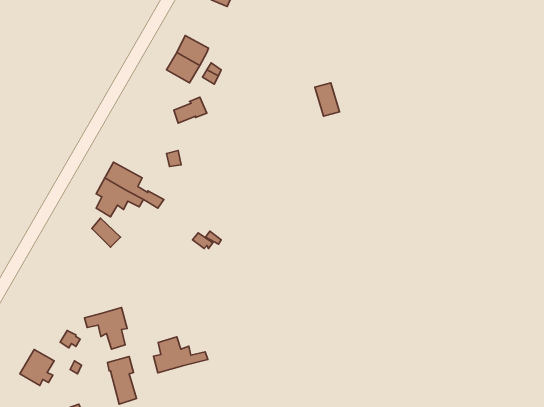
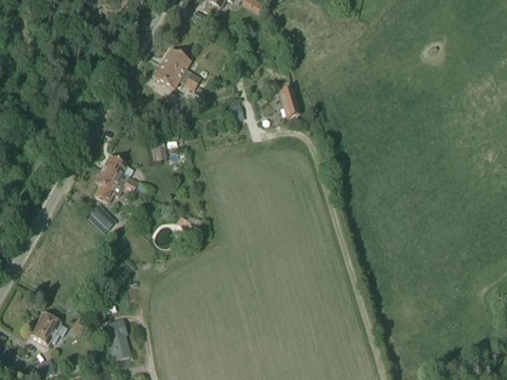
building: [84,308,127,349] -> none
building: [153,337,208,373] -> none

